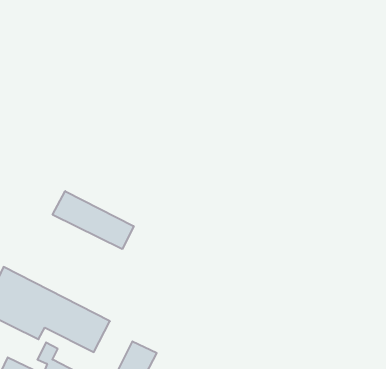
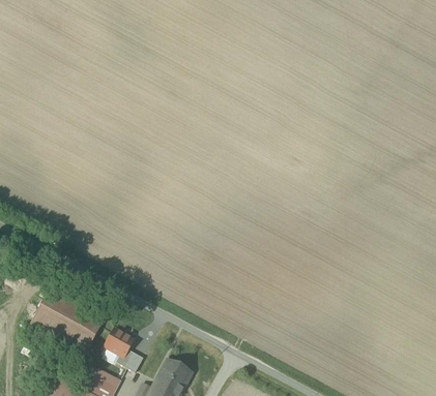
building: [53,191,134,249] -> none

